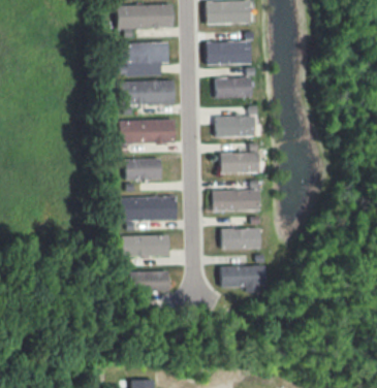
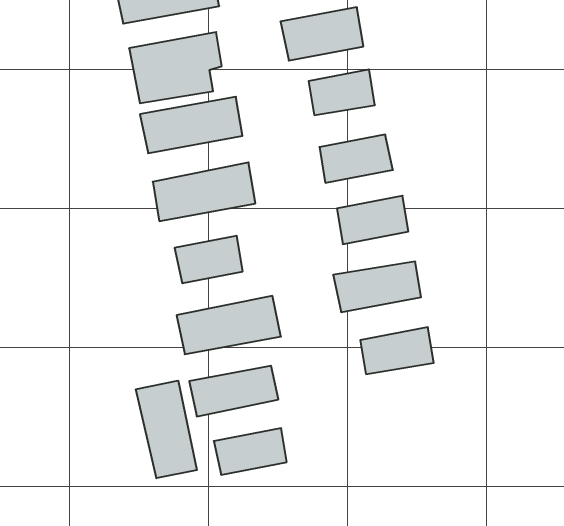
building: none -> [136,381,197,478]
building: [220,265,265,288] -> none

